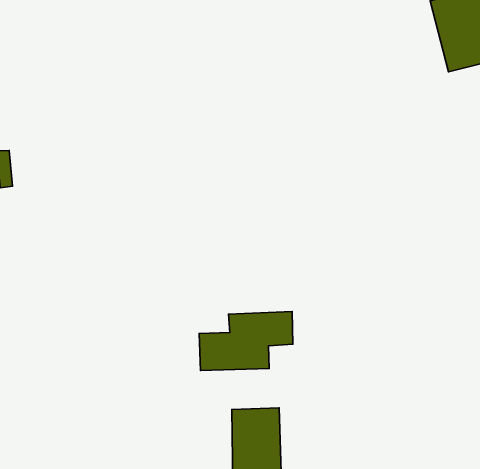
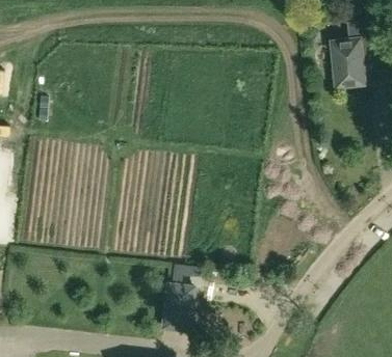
building: [199,311,293,370] -> none

